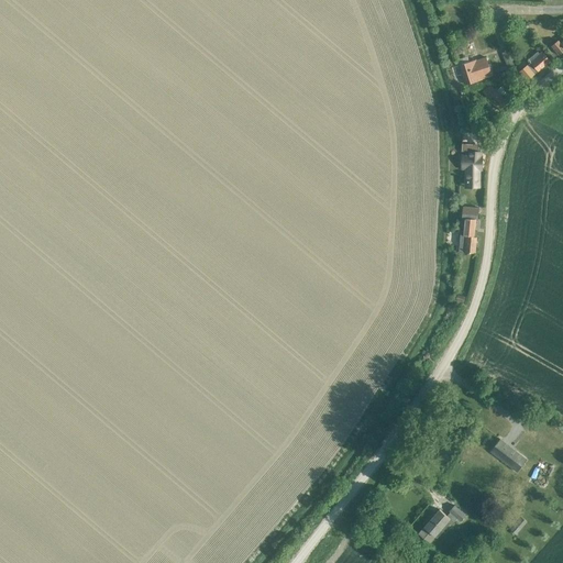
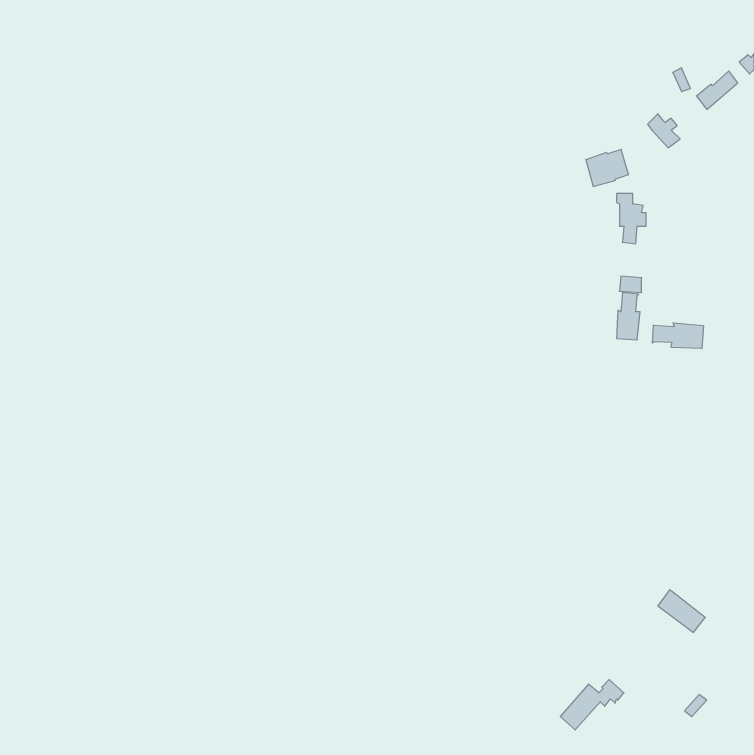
building: [459,57,490,85] -> [586,149,629,186]
building: none -> [652,323,703,349]

